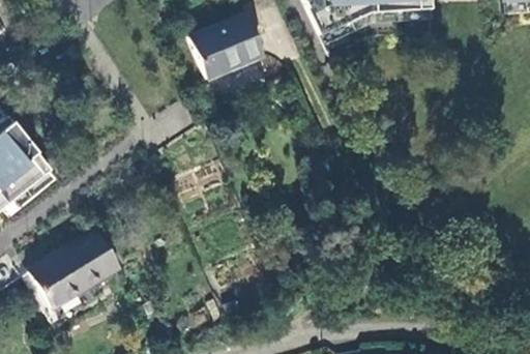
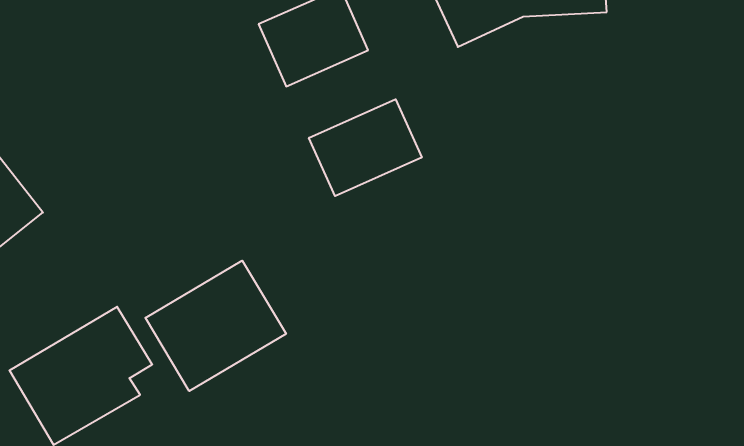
building: none -> [309,99,422,196]
building: none -> [145,261,286,391]

